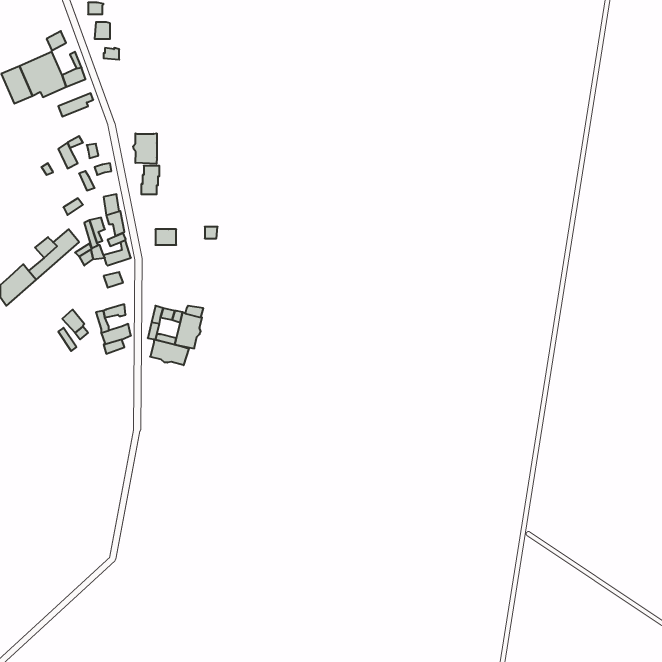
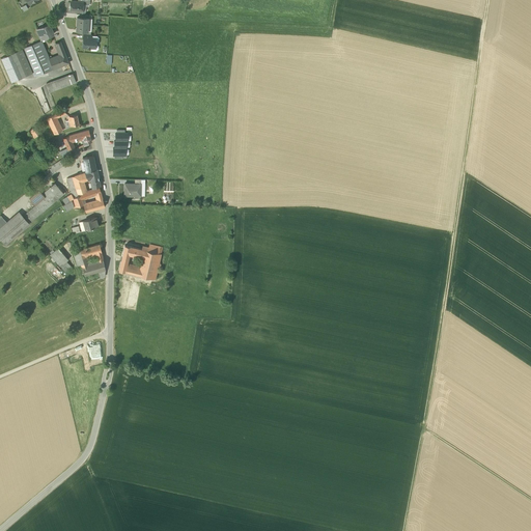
building: [133,133,157,164] -> none
building: [150,339,189,365] -> none

